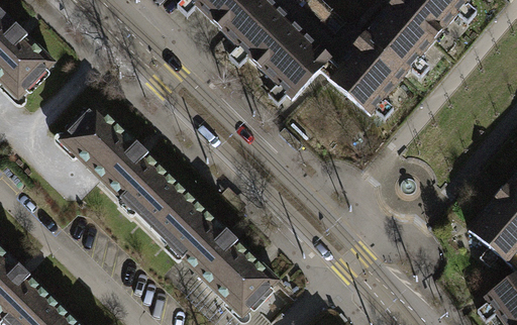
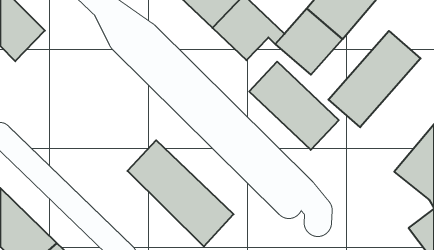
building: none -> [328,31,421,127]
building: none -> [249,62,339,150]
building: [62,101,186,226] -> none

